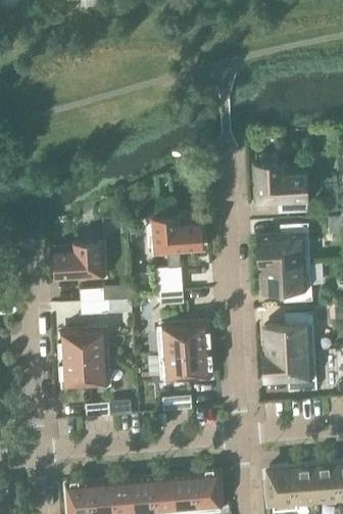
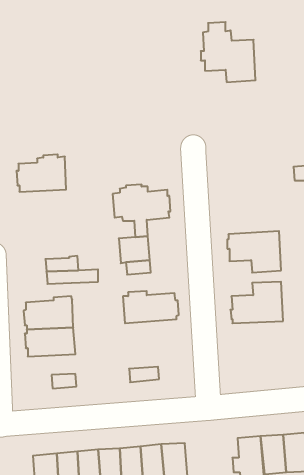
building: [253,155,307,215] -> [201,22,256,82]
building: [258,224,310,266] -> none
building: [54,241,103,278] -> [16,154,66,192]
building: [158,349,213,380] -> none
building: [263,352,316,391] -> none

